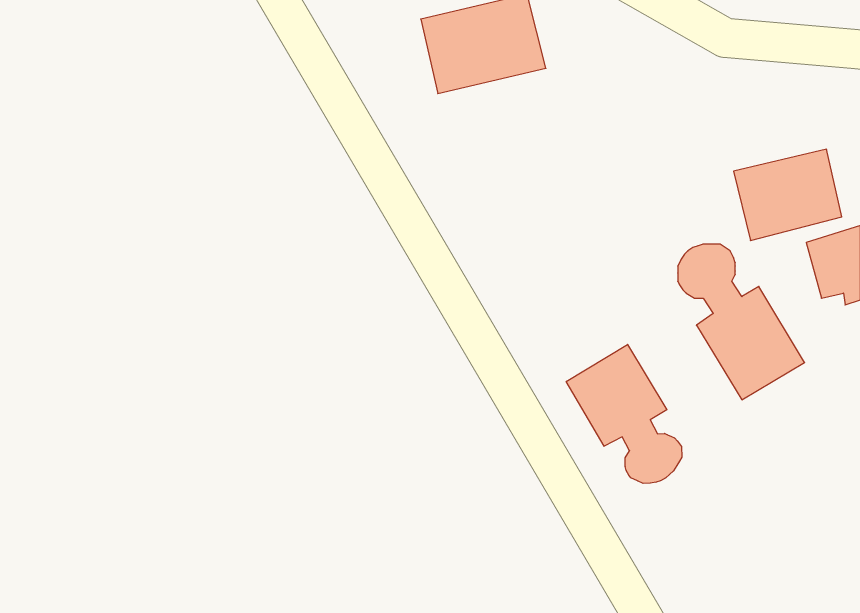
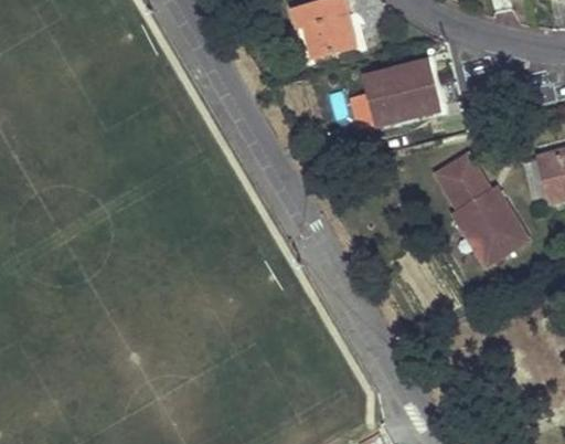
building: [734,149,842,241] -> [367,62,438,121]
building: [566,344,682,483] -> none

